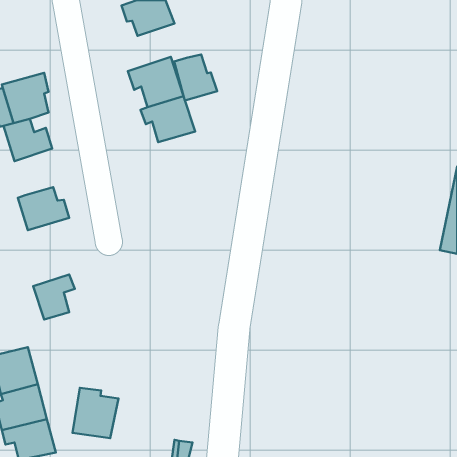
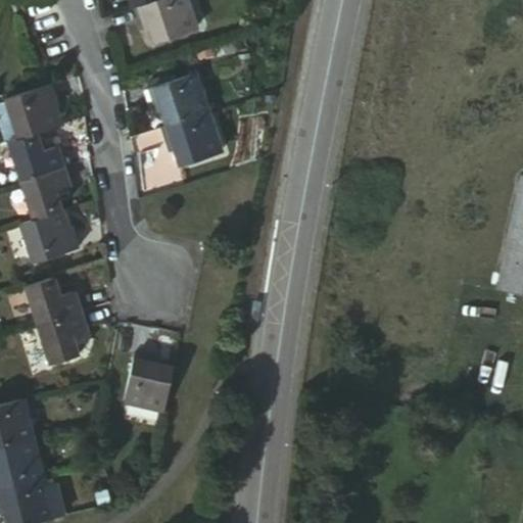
building: [174,55,217,101] -> none
building: none -> [16,172,65,225]
building: none -> [25,282,79,328]
building: [72,388,118,438] -> [129,350,181,408]

